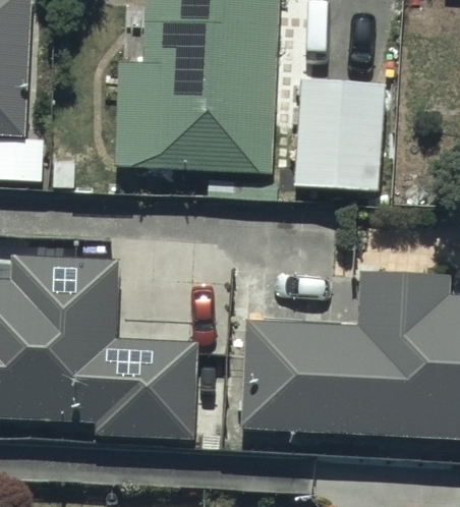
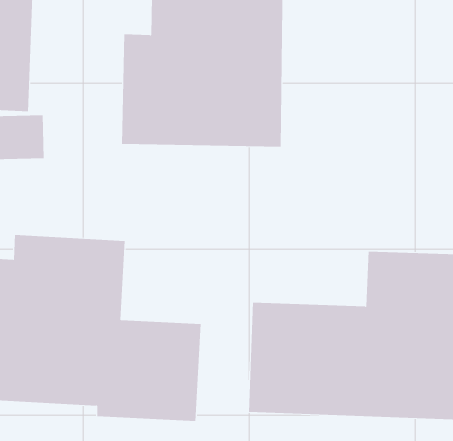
building: [297,76,383,190] -> none

